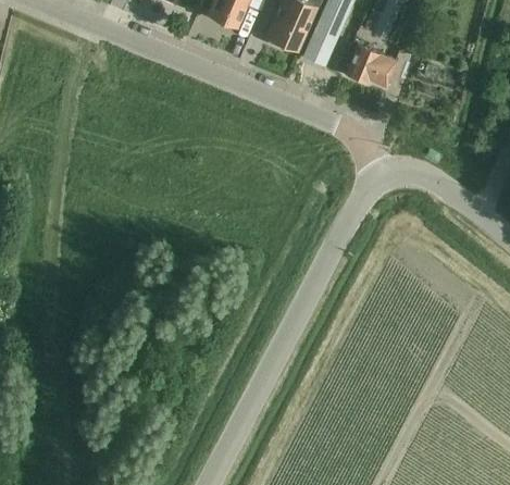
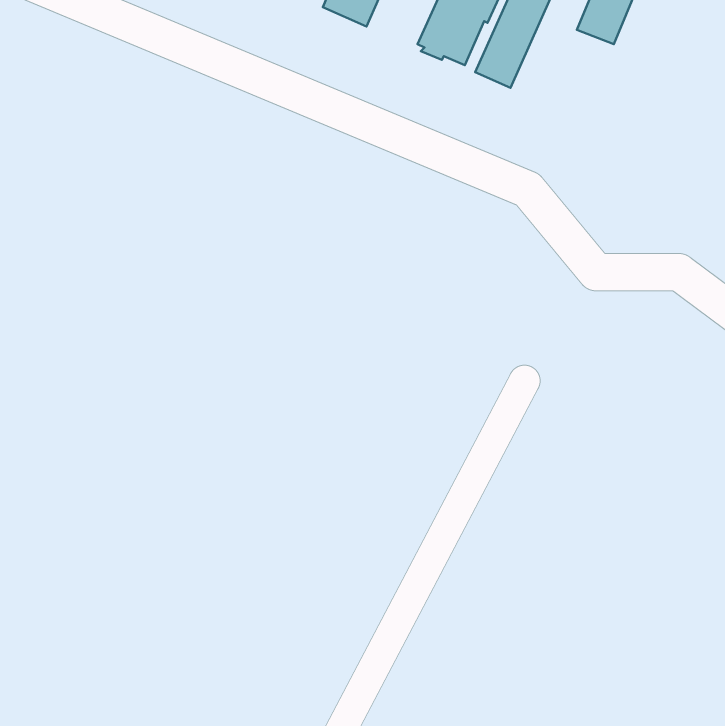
building: [345,43,397,86] -> none

